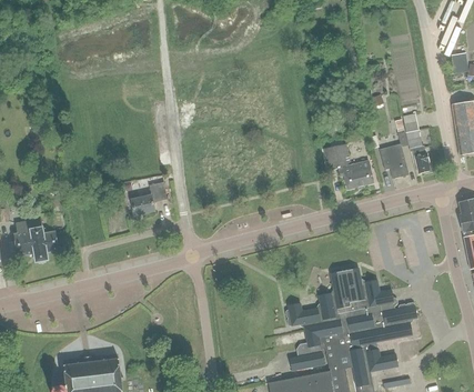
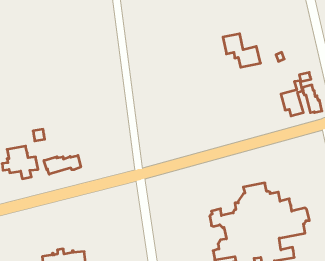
building: [324,143,374,188] -> [223,34,261,67]
building: [132,180,168,214] -> none
building: none -> [44,155,81,174]

